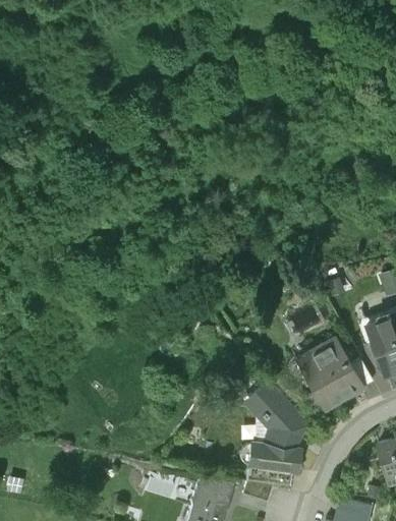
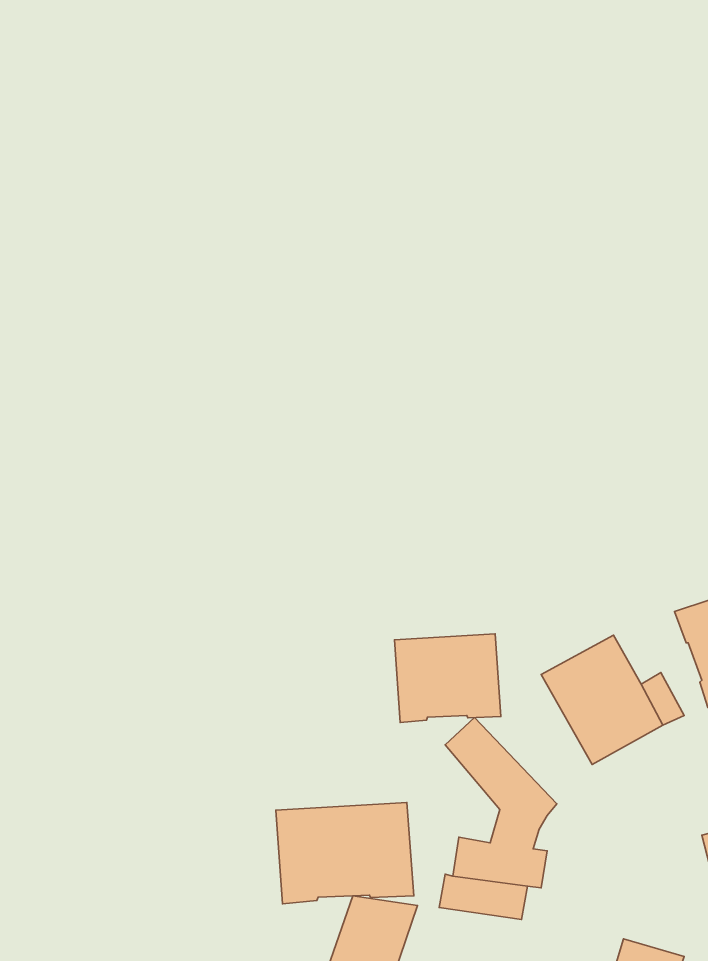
building: none -> [394,634,501,723]
building: none -> [276,802,414,904]

